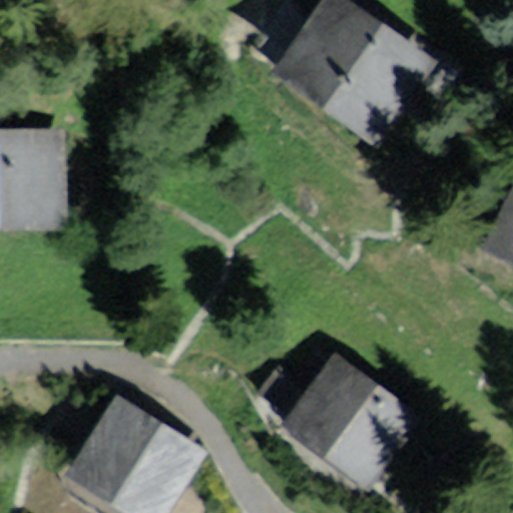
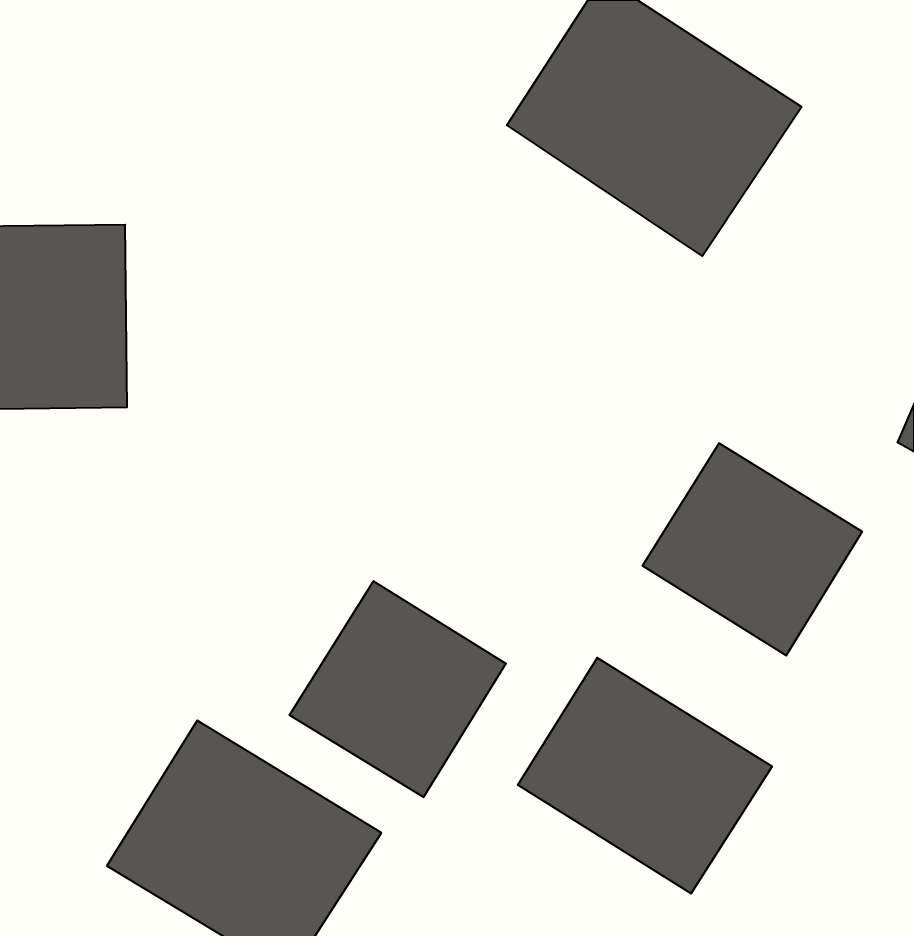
building: none -> [643,443,862,656]
building: none -> [290,581,506,797]

